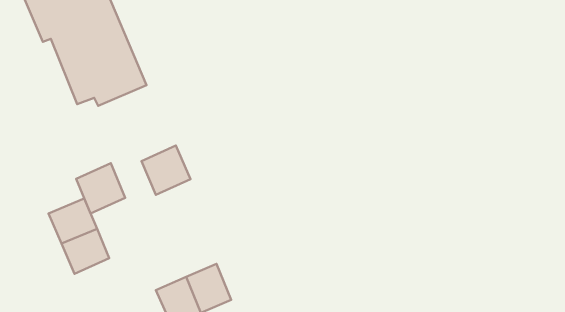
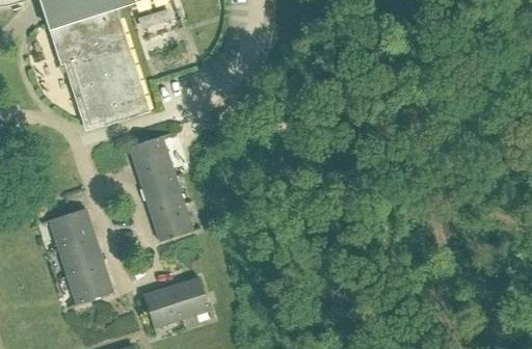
building: [76,163,125,214] -> [128,136,170,180]
building: none -> [149,199,191,242]
building: none -> [70,264,111,302]

